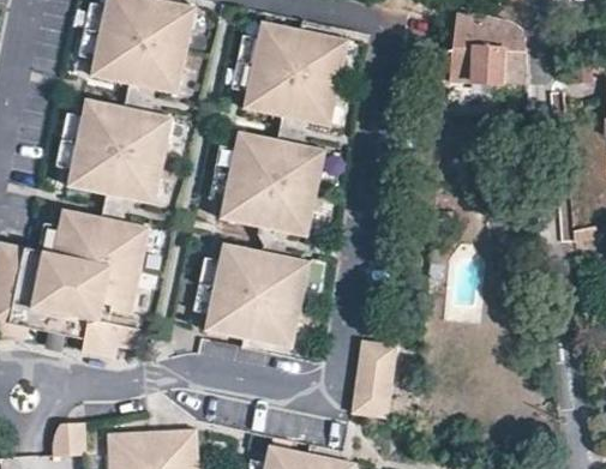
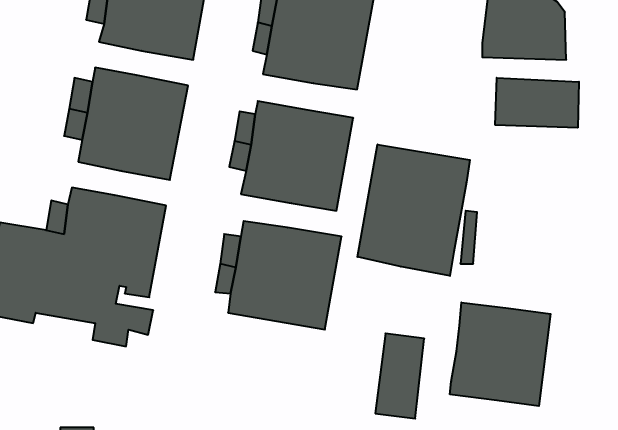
building: none -> [495,78,579,128]
building: none -> [357,144,470,276]
building: none -> [450,302,551,406]

